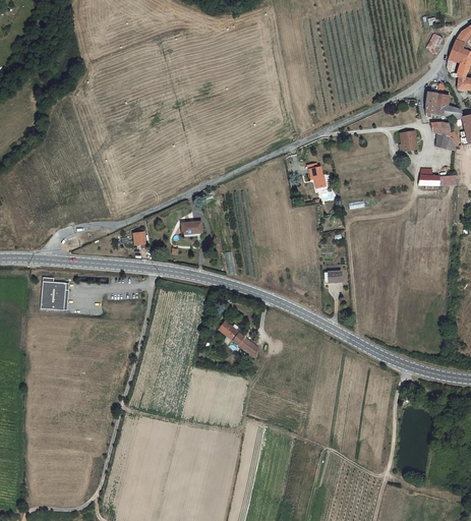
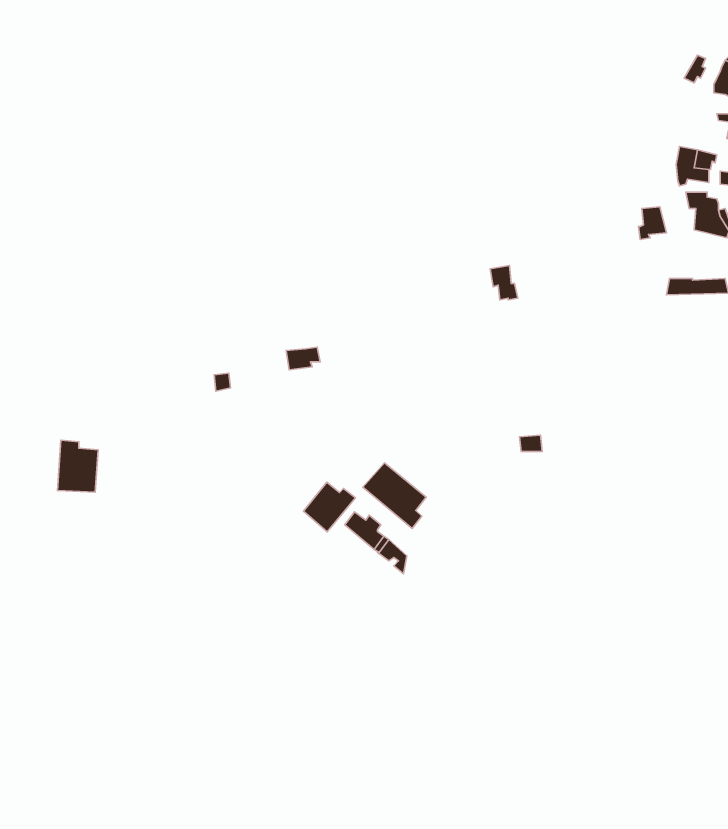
building: none -> [363,463,426,528]
building: none -> [303,482,355,532]

